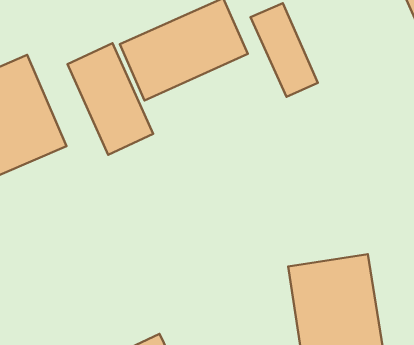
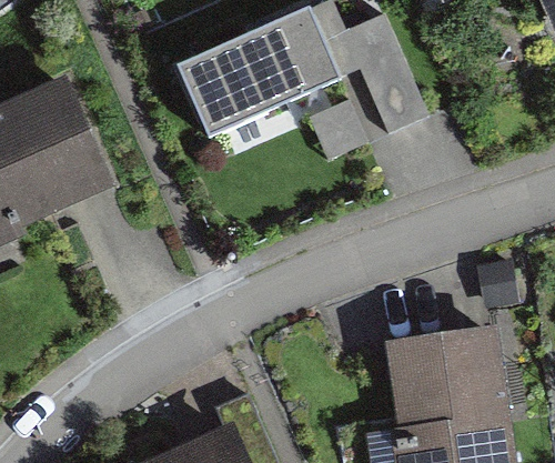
building: [67,43,153,155] -> none

